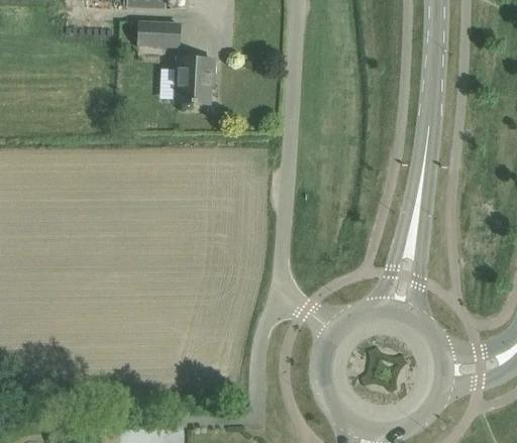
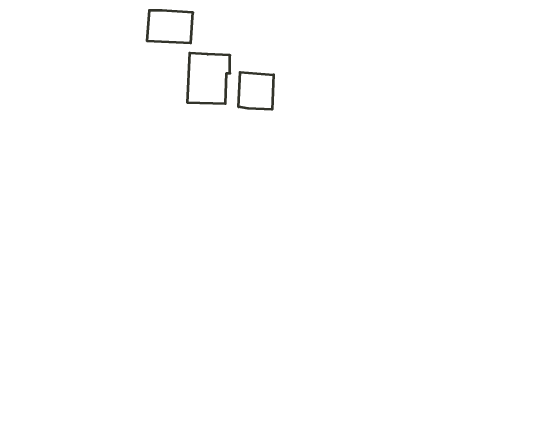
building: none -> [239,72,274,109]

